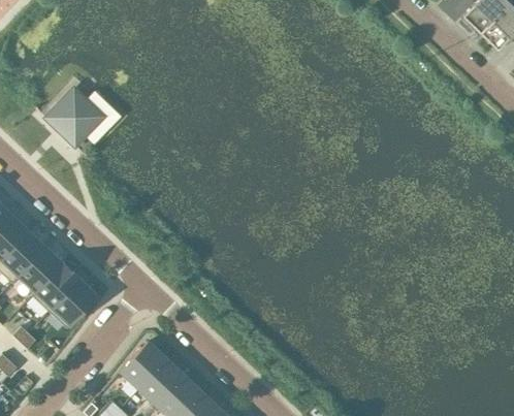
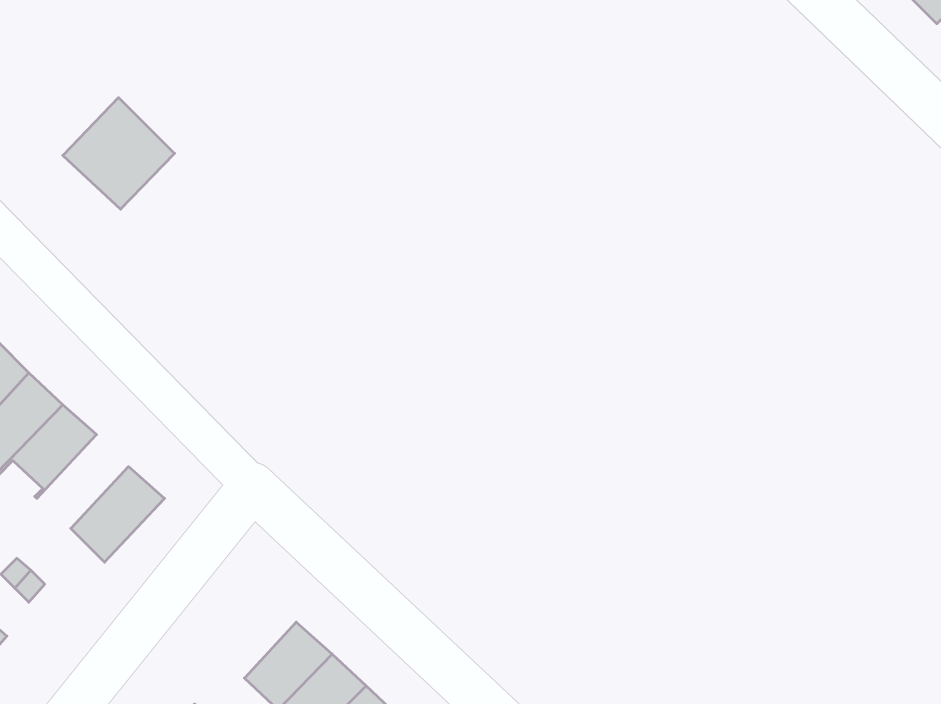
building: [32,262,79,311] -> none
building: [121,342,166,388] -> none

